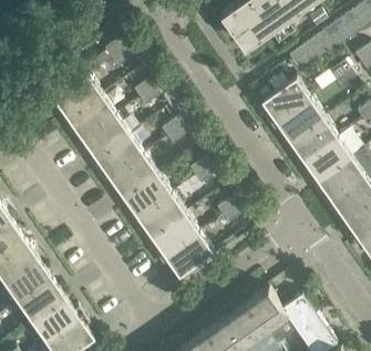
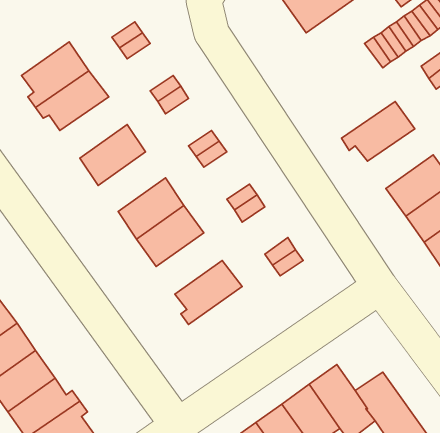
building: [261,79,310,125] -> none
building: [68,95,116,140] -> none
building: [290,118,338,162] -> none
building: [95,135,144,178] -> none
building: [137,194,185,238] -> none
building: [161,233,214,277] -> none

